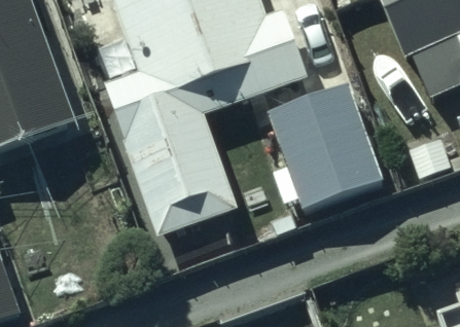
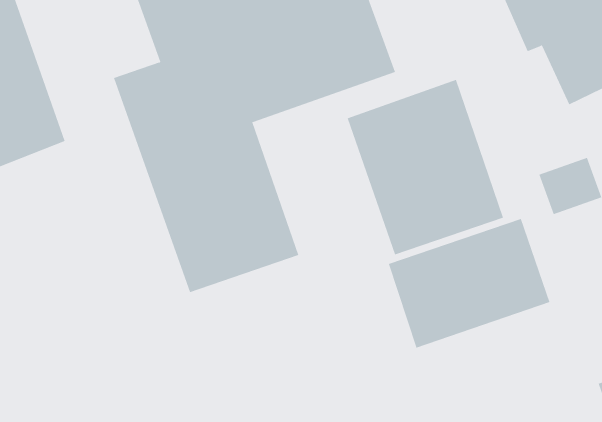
building: none -> [388,218,550,348]

